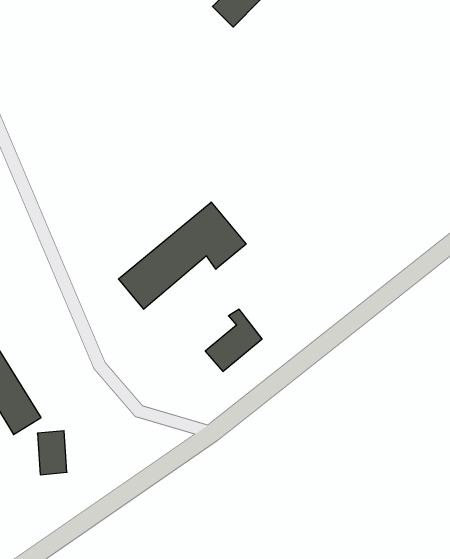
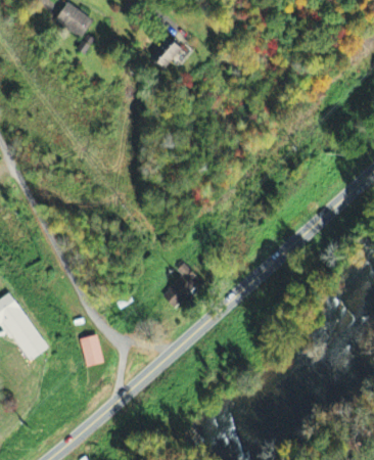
building: [118,202,246,309] -> none
building: [37,431,67,475] -> [79,335,101,367]

